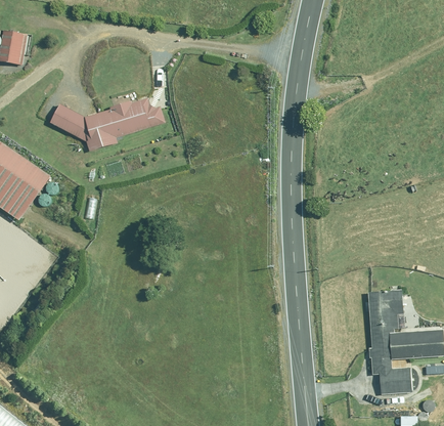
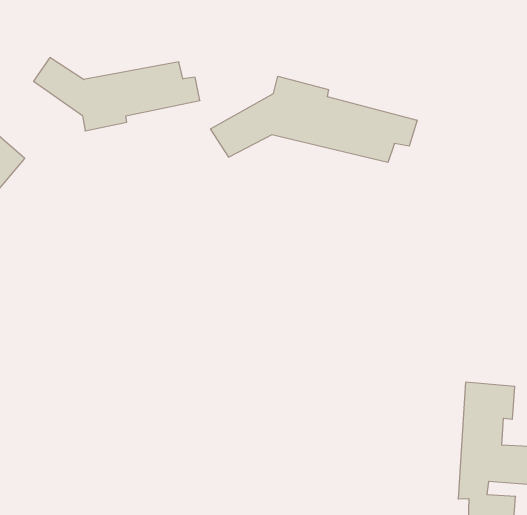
building: none -> [211,76,417,162]

